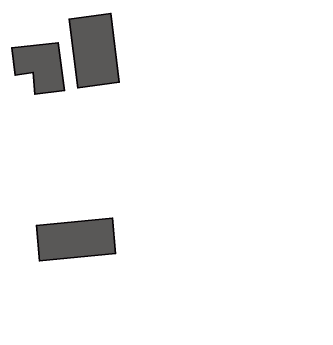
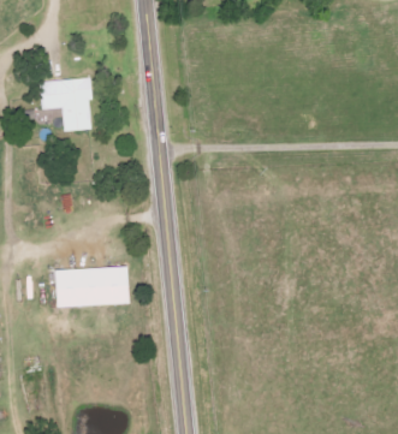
building: [69,13,119,88] -> none

